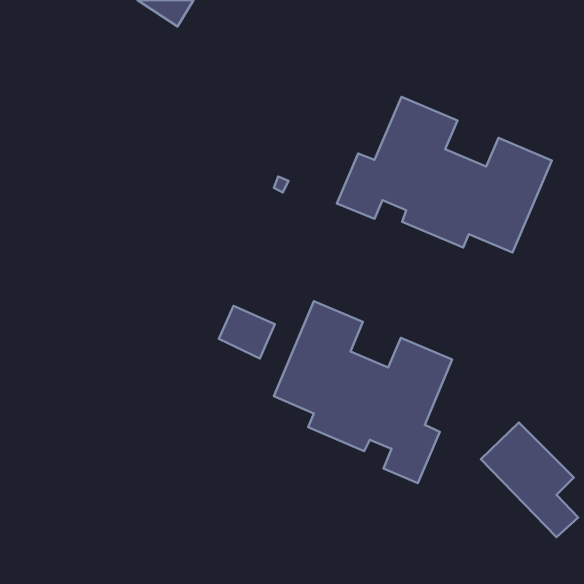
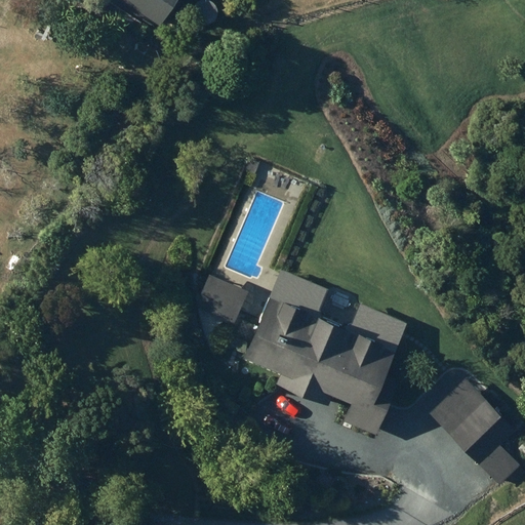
building: [337,97,552,253] -> none

